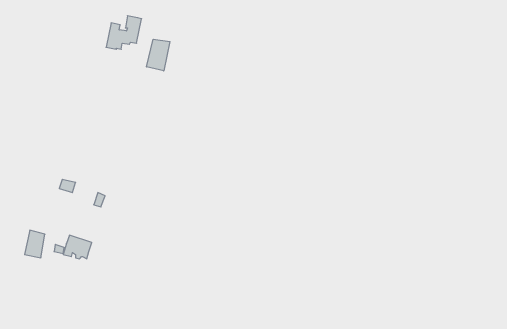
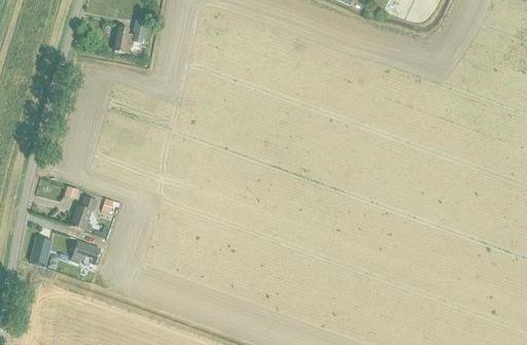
building: [147,39,170,71] -> none
building: none -> [69,196,96,231]

